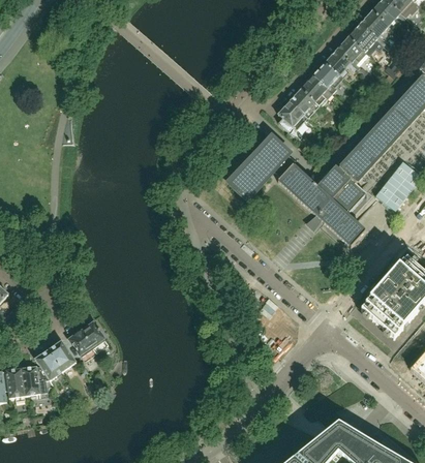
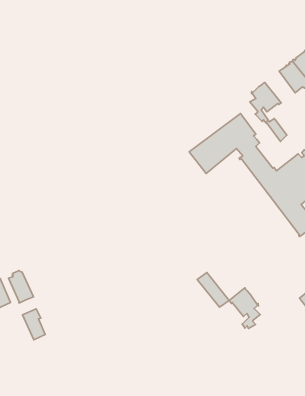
building: [290,85,322,118] -> none
building: none -> [229,288,260,328]
building: [82,319,108,350] -> [23,309,45,340]

